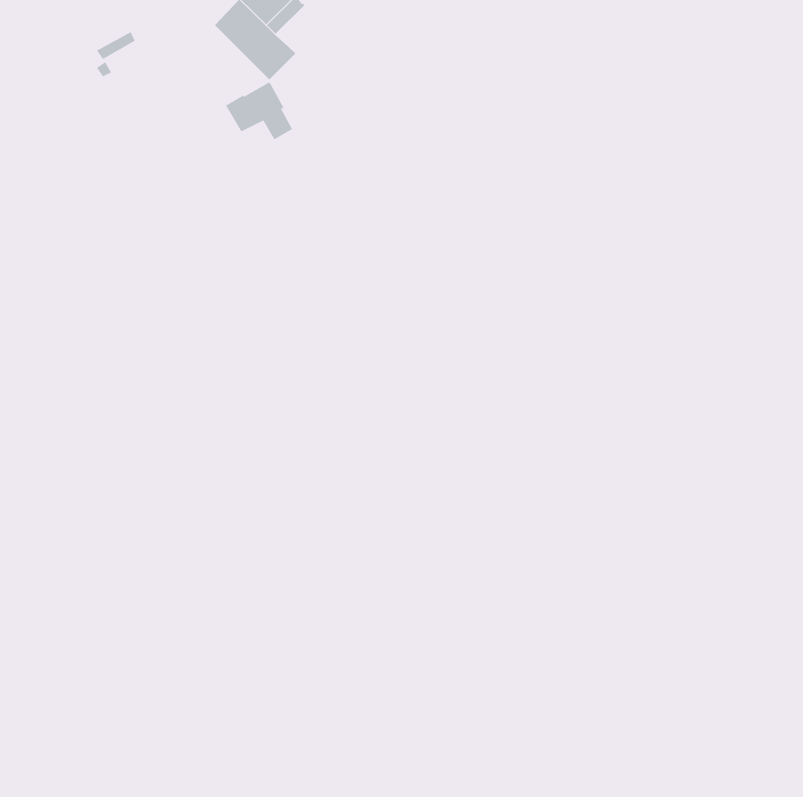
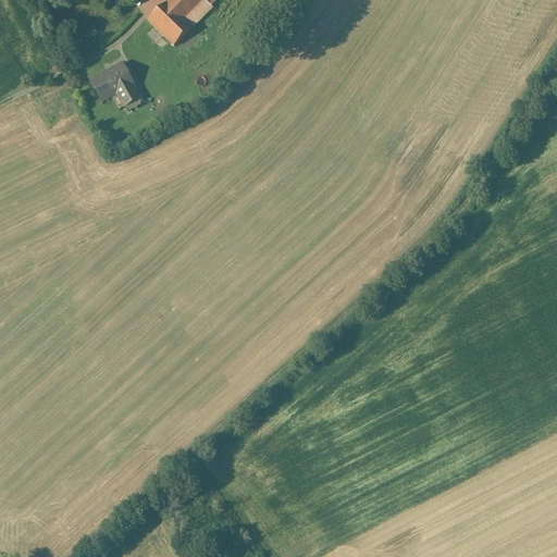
building: [225,80,293,140] -> [90,61,137,102]

